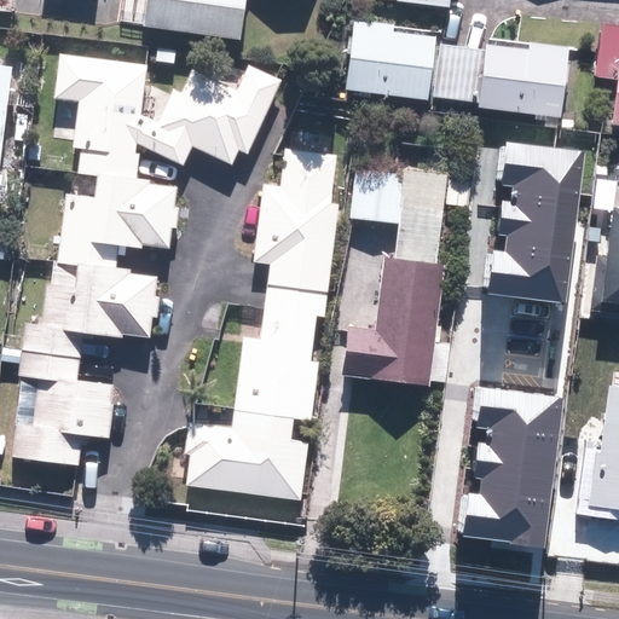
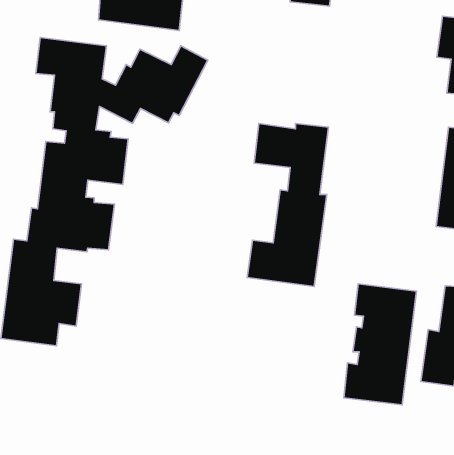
building: [345,19,436,102] -> none
building: [434,36,569,120] -> none
building: [491,139,590,301] -> none
building: [180,146,341,501] -> none

